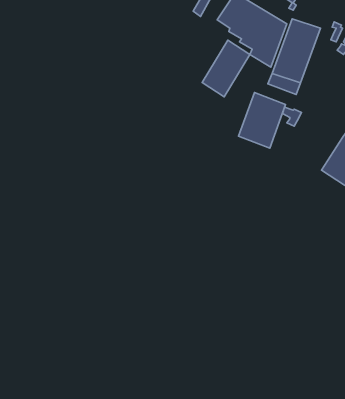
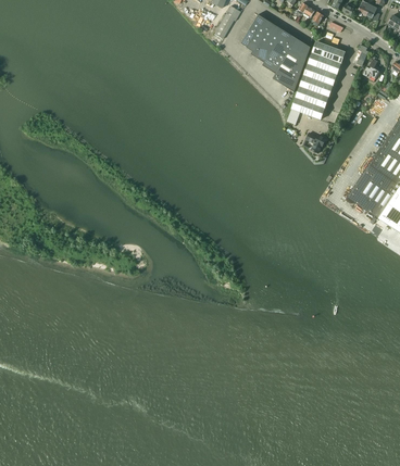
building: [202,40,250,97] -> none
building: [239,92,286,148] -> none

